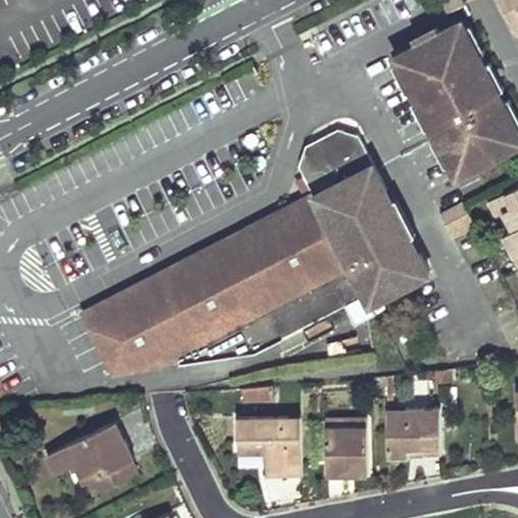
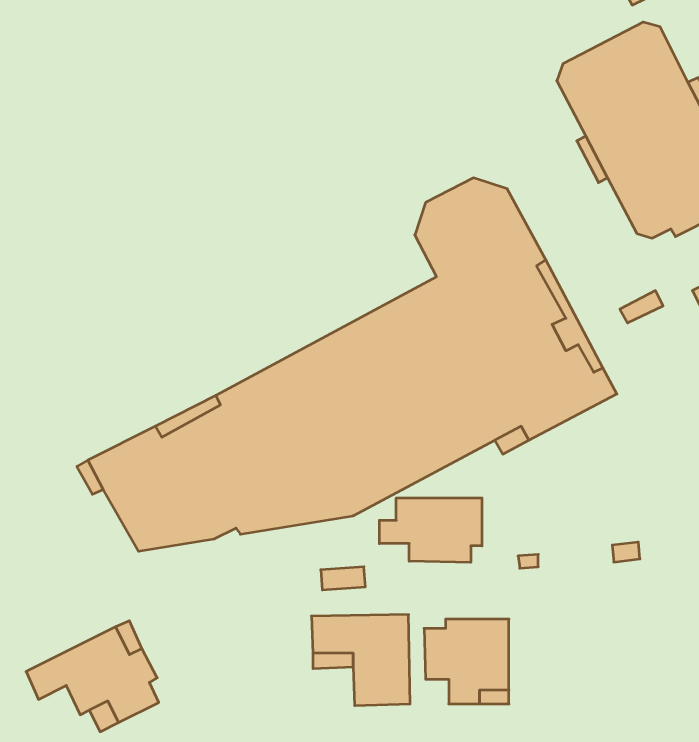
building: none -> [379,498,482,562]
building: [383,408,437,458] -> none

